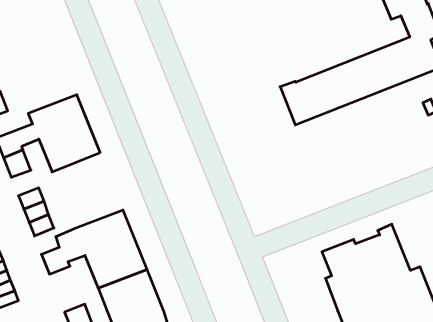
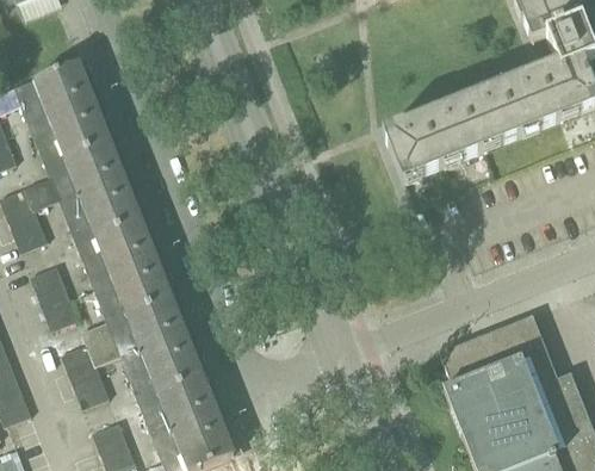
building: none -> [12,60,109,163]
building: none -> [75,216,171,318]
building: none -> [72,368,109,405]

